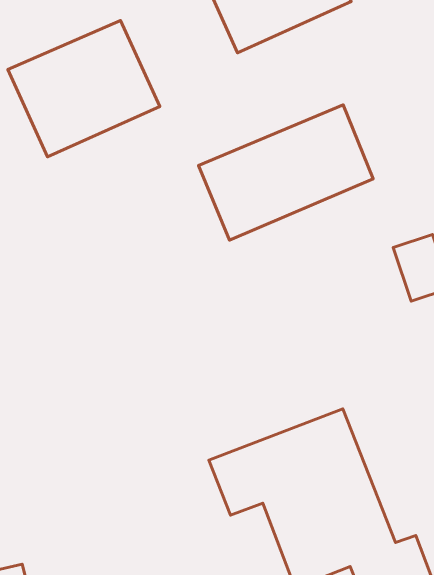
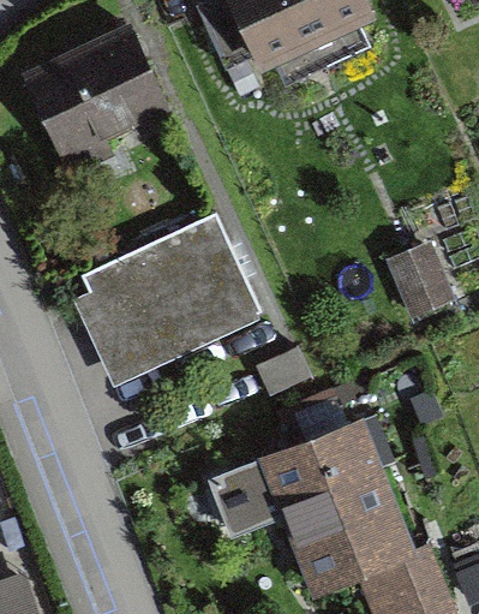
building: [199,105,373,240] -> none
building: none -> [72,215,265,386]

